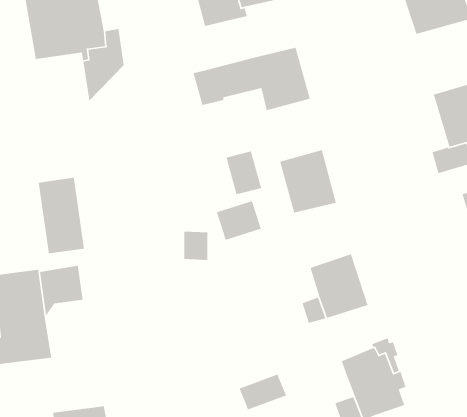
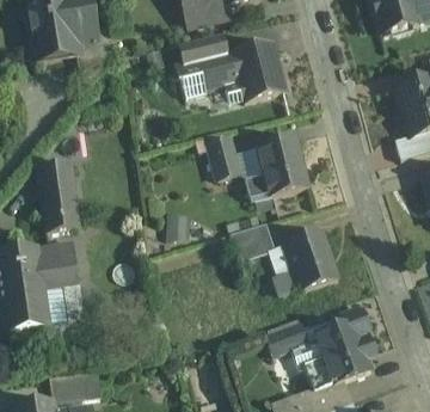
building: none -> [180,32,228,64]
building: [216,200,262,241] -> [232,222,274,259]
building: [238,374,287,410] -> [265,322,309,356]

